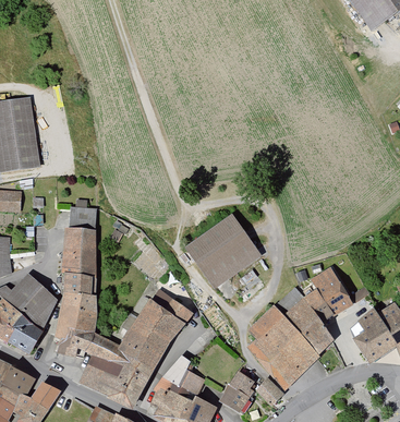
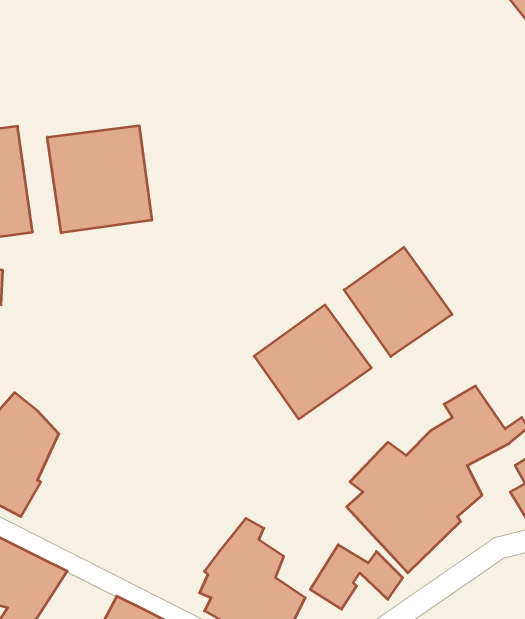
building: none -> [47,126,152,233]
building: none -> [344,247,452,357]
building: [54,201,193,409] -> none

